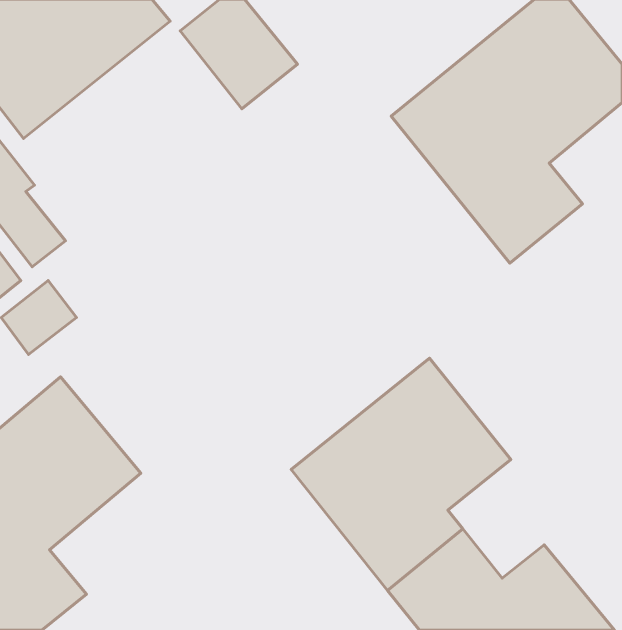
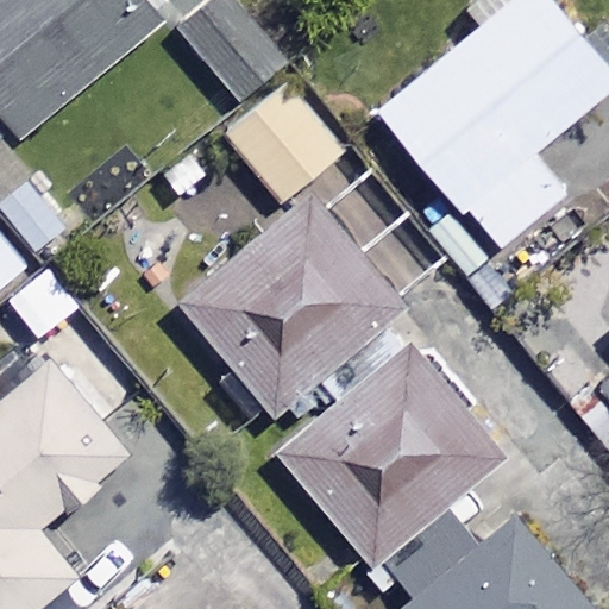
building: none -> [226,79,349,203]
building: none -> [180,201,401,414]

